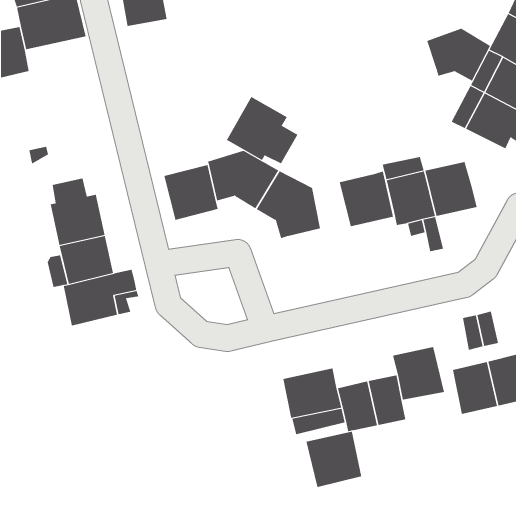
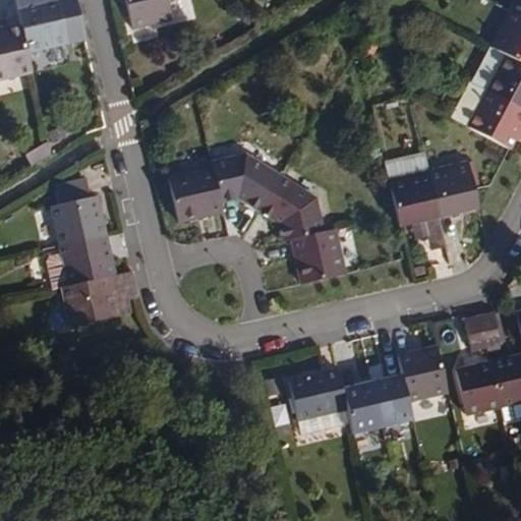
building: [426,28,491,81] -> none
building: [226,96,298,164] -> none
building: [339,171,394,227] -> [291,226,346,282]
building: [306,431,362,488] -> none

